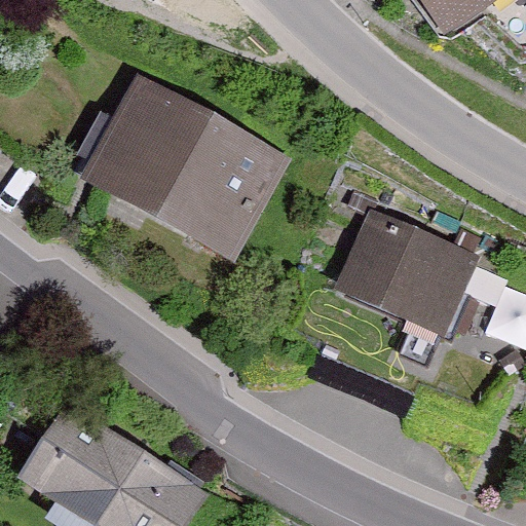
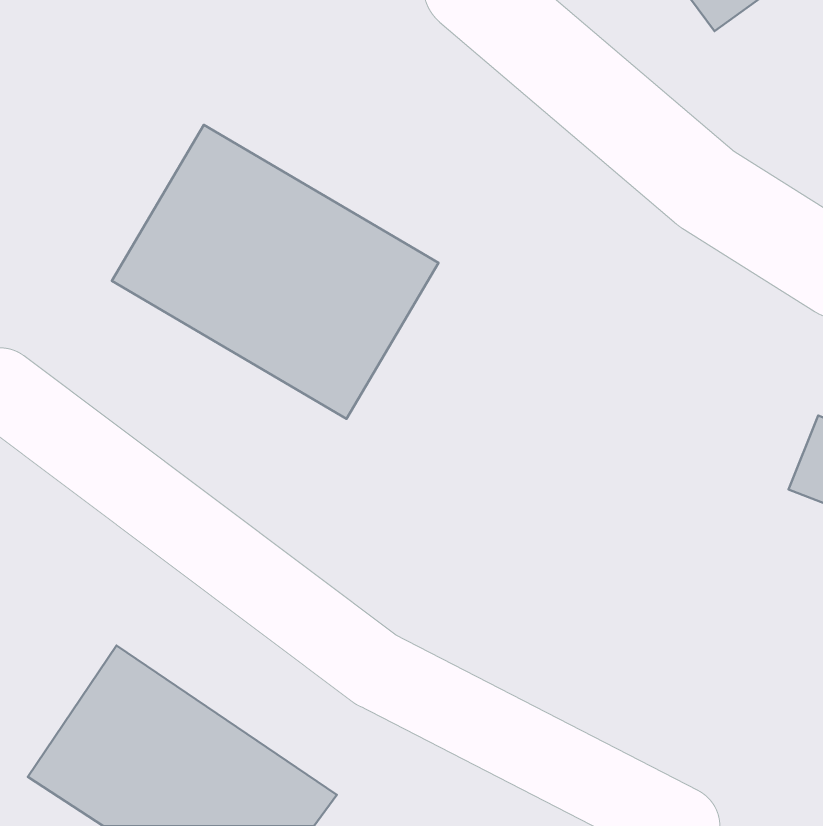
building: [336,206,475,338] -> none

